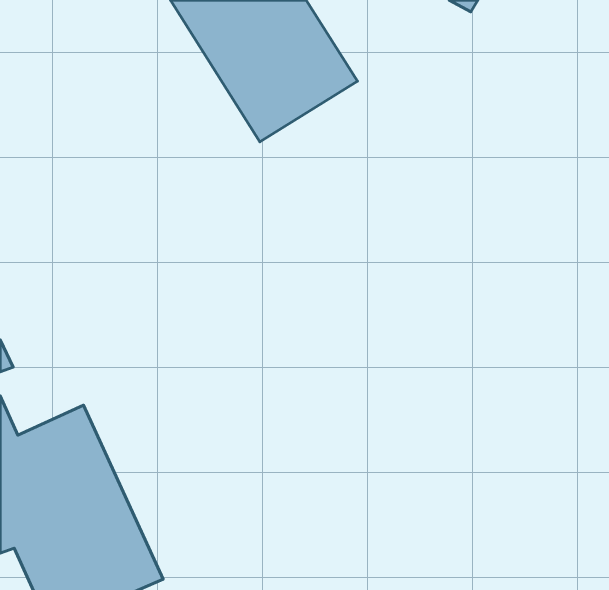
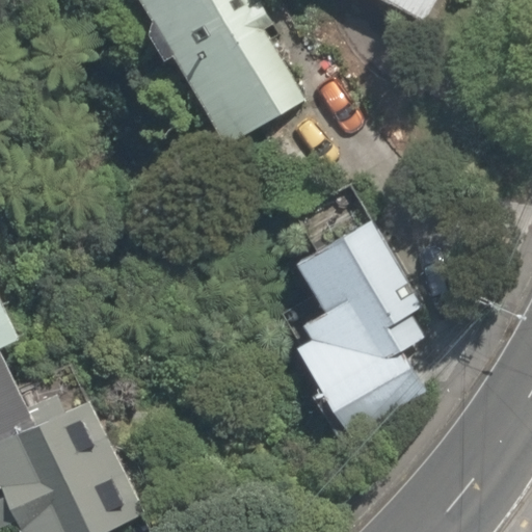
building: none -> [278,209,436,403]

